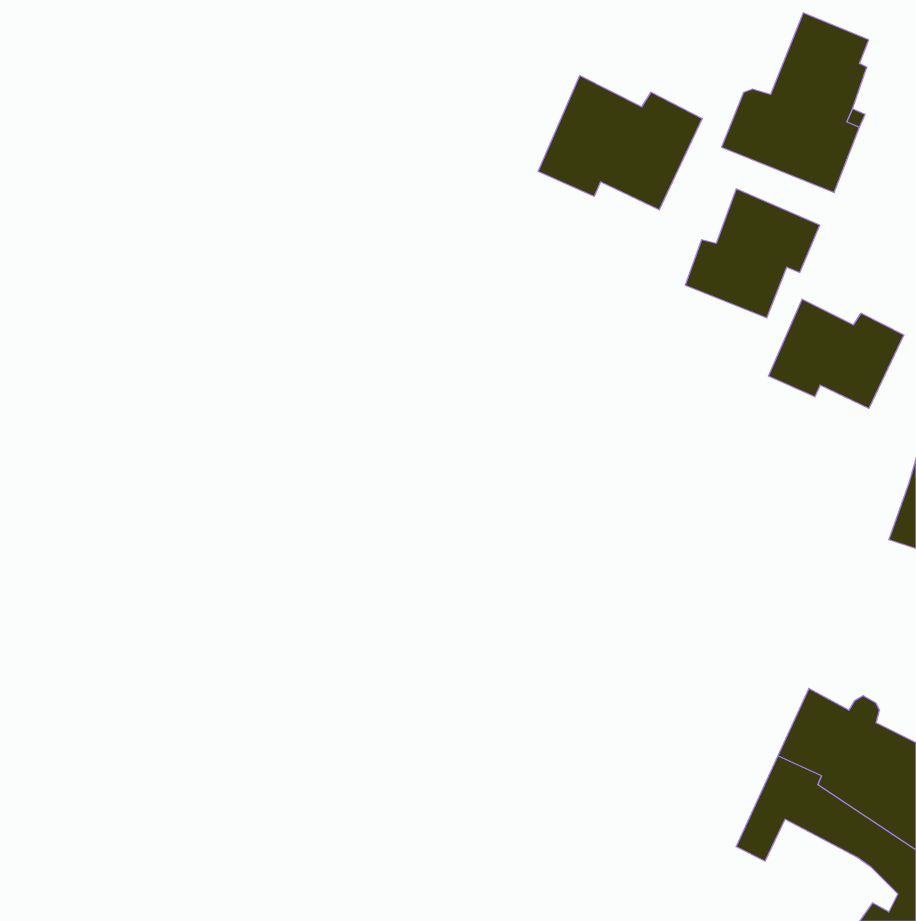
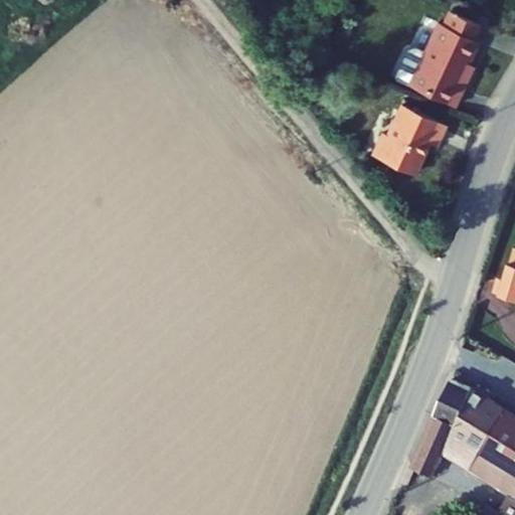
building: [538,76,702,210] -> none
building: [769,299,904,408] -> none

